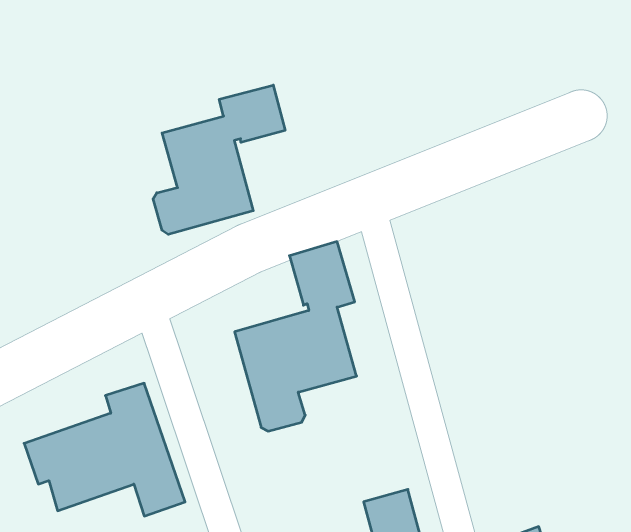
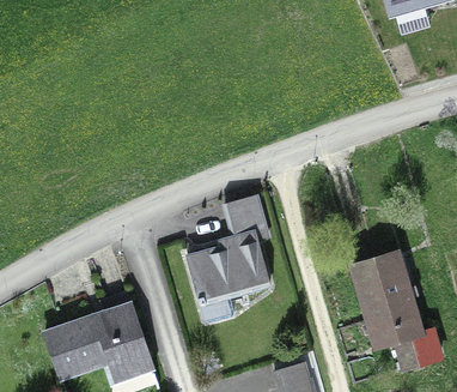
building: [153,85,285,234] -> none
building: none -> [353,252,441,369]

